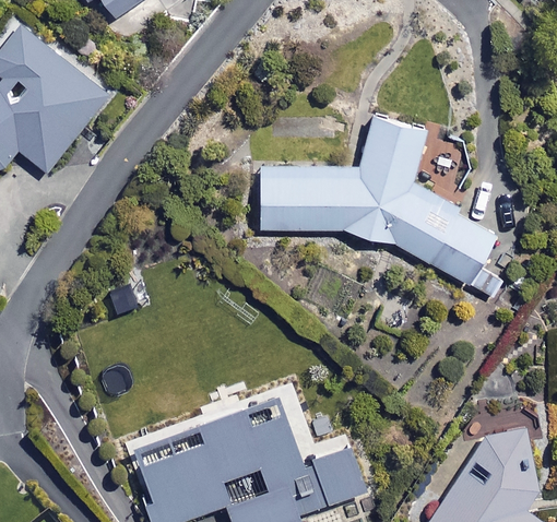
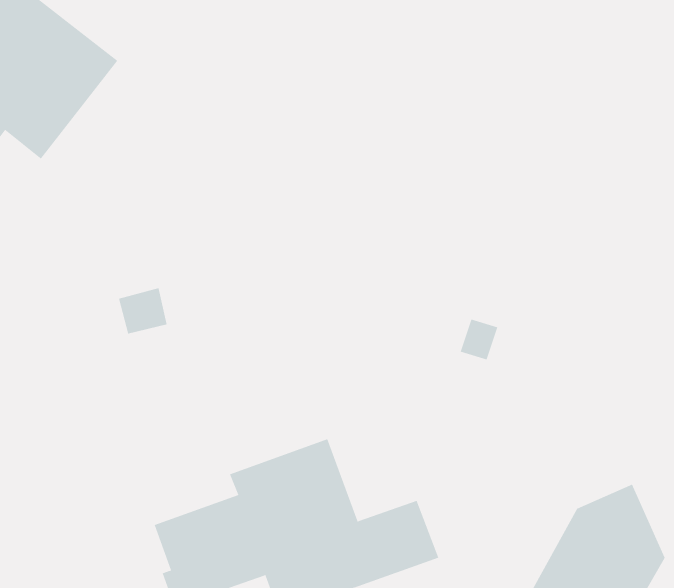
building: [262,116,496,285] -> none

